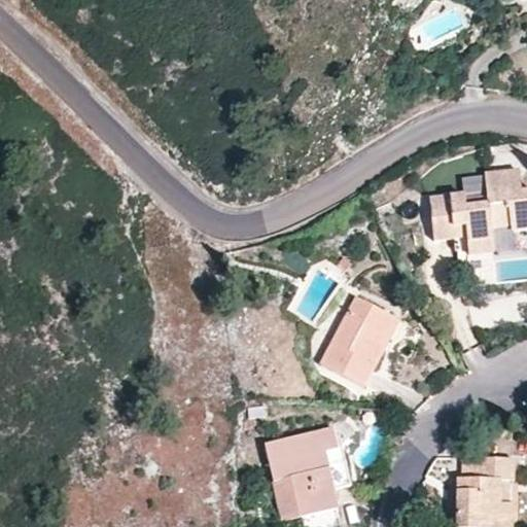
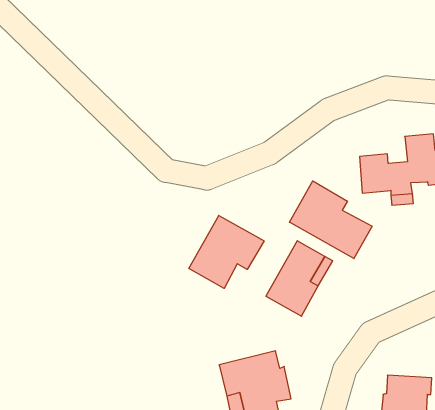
building: none -> [289,181,372,259]
building: none -> [189,215,264,288]

